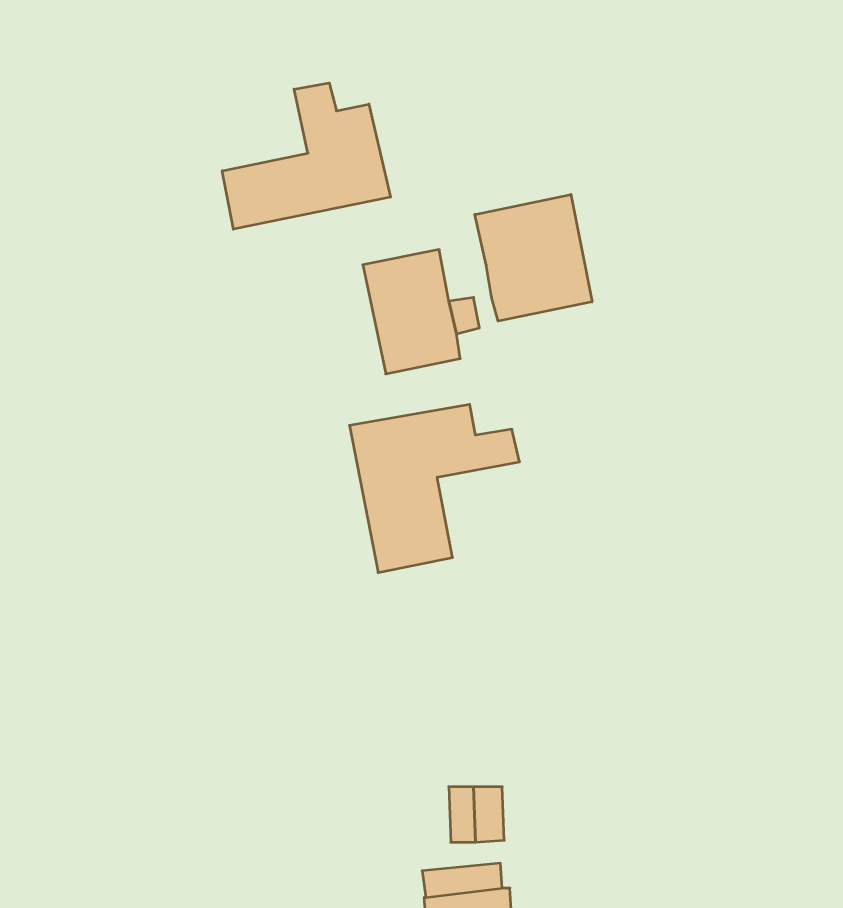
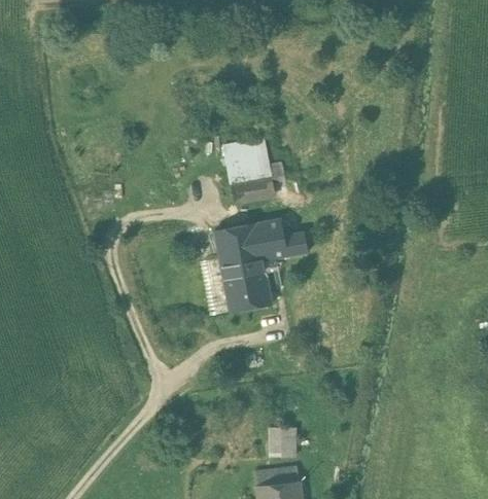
building: [222,83,391,229] -> none
building: [475,194,592,321] -> none

